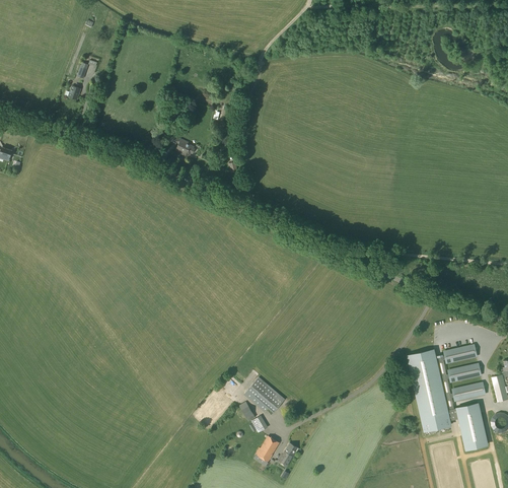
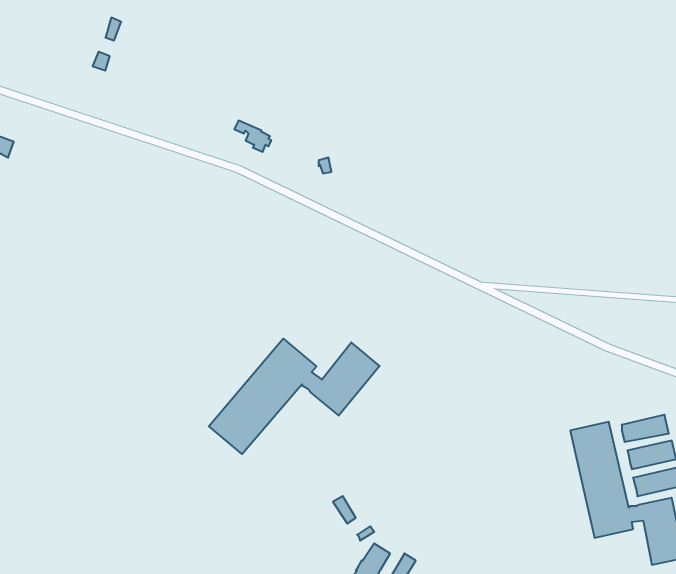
building: none -> [209,339,380,454]
building: [243,376,285,413] -> none

